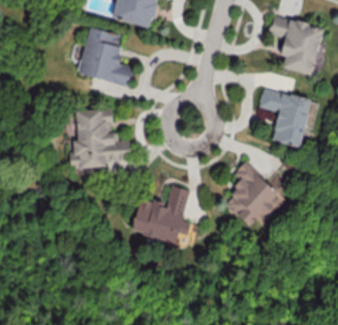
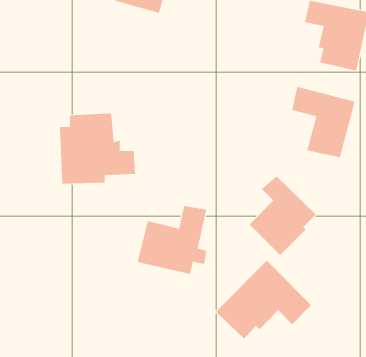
building: [79,28,133,87] -> none
building: none -> [215,260,312,339]

